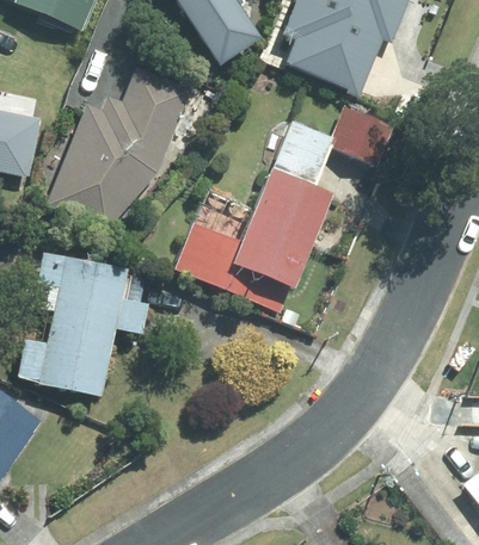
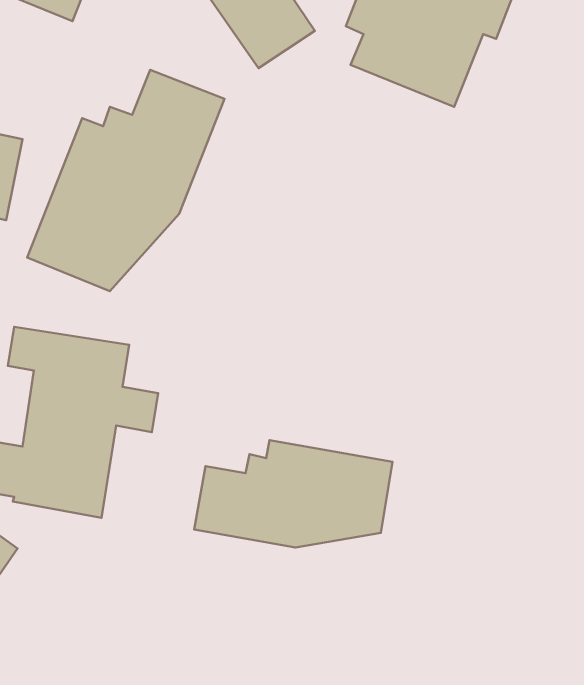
building: [174,106,393,312] -> none
building: none -> [194,440,392,547]

